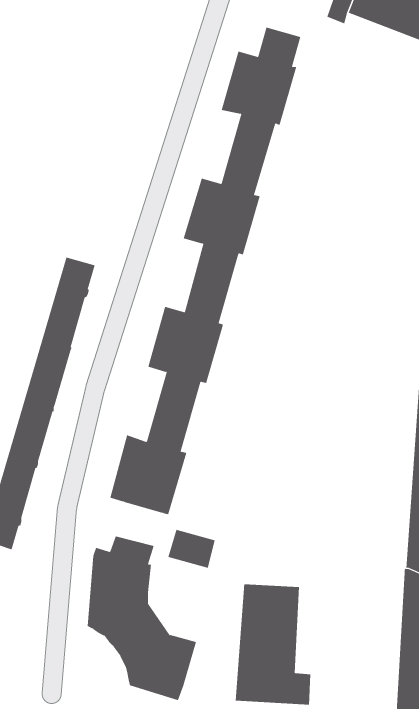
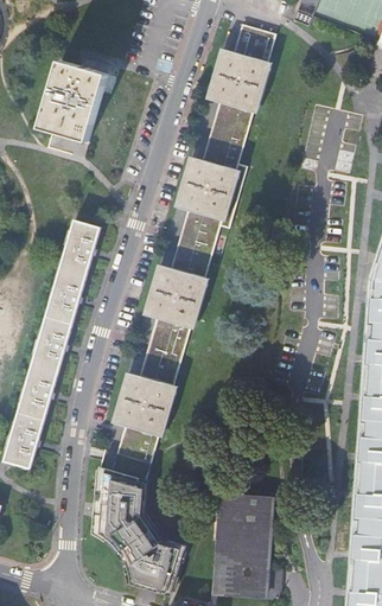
building: none -> [43,58,109,139]
building: [168,529,215,569] -> [116,427,157,460]

